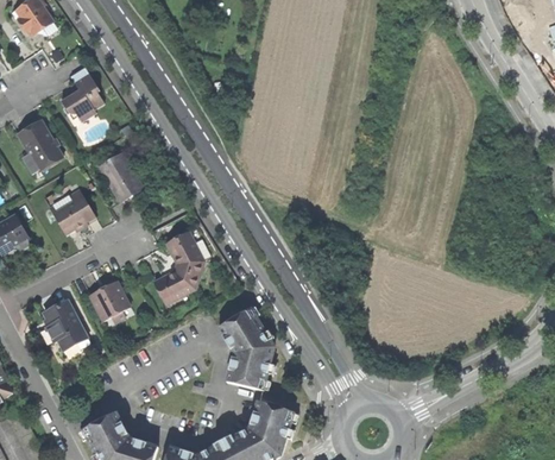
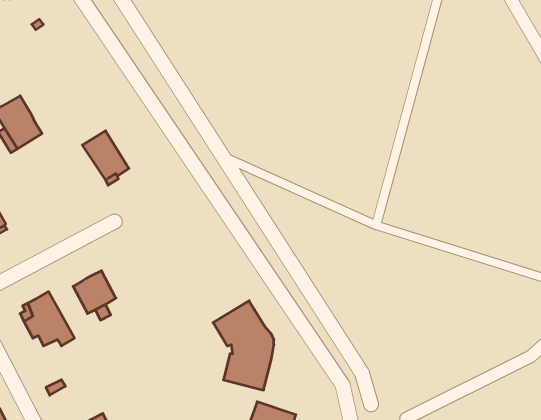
building: [61,64,103,119] -> none
building: [52,187,94,231] -> none
building: [153,229,204,303] -> none

